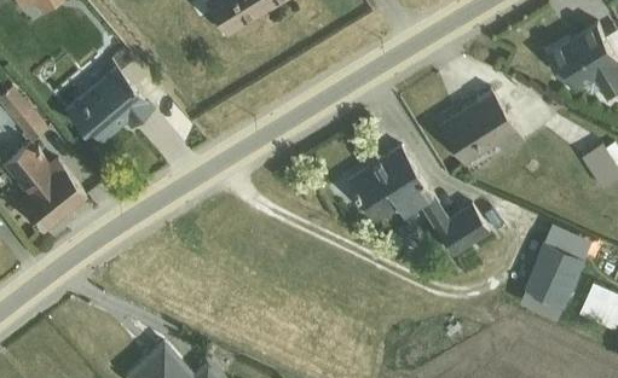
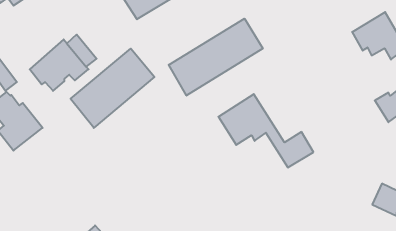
building: none -> [169,19,263,96]
building: none -> [71,49,154,128]
building: [438,89,524,163] -> none
building: [518,222,591,319] -> none

